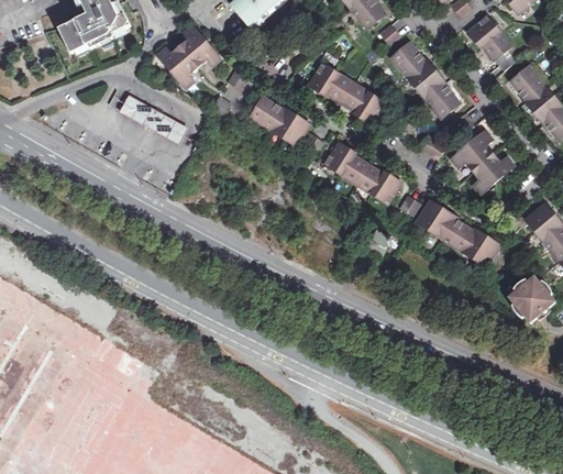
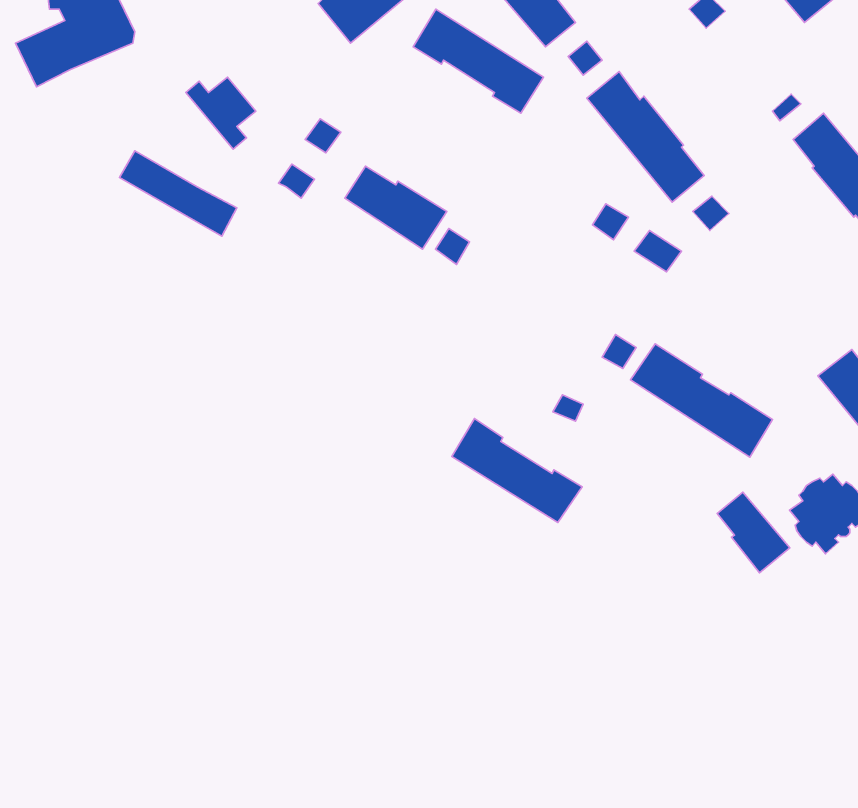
building: [467,15,510,59] -> none
building: [181,25,219,65] -> none
building: [308,63,384,123] -> [413,9,544,113]
building: [451,130,512,192] -> none
building: [324,142,400,202] -> [452,419,582,523]
building: none -> [717,492,790,573]

